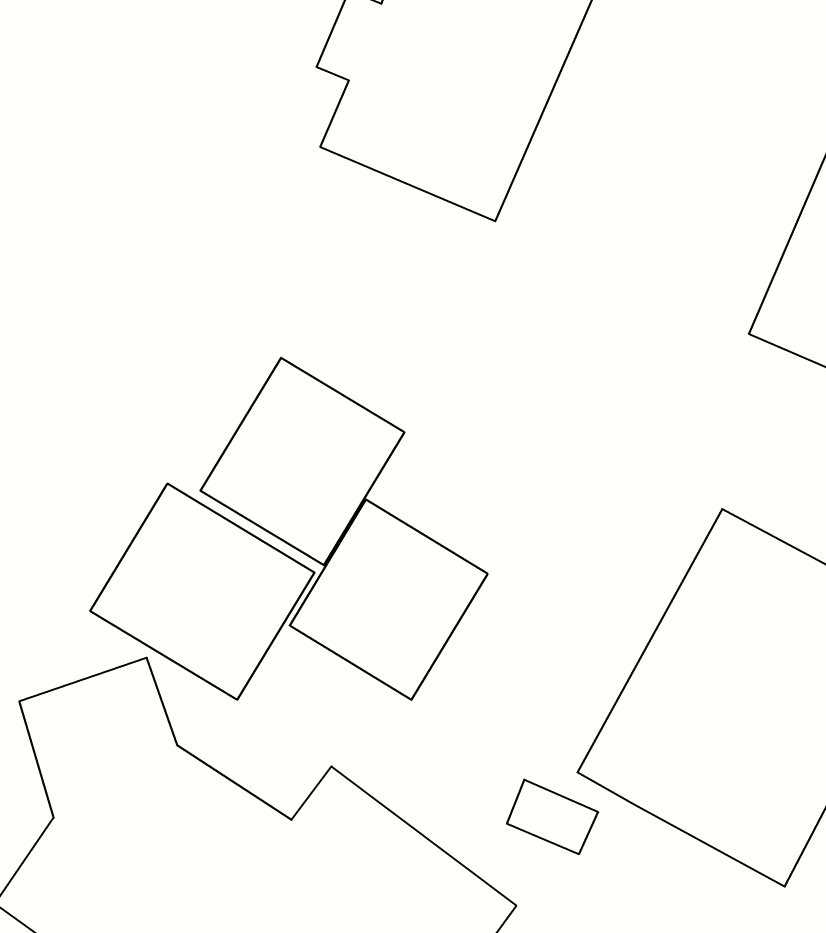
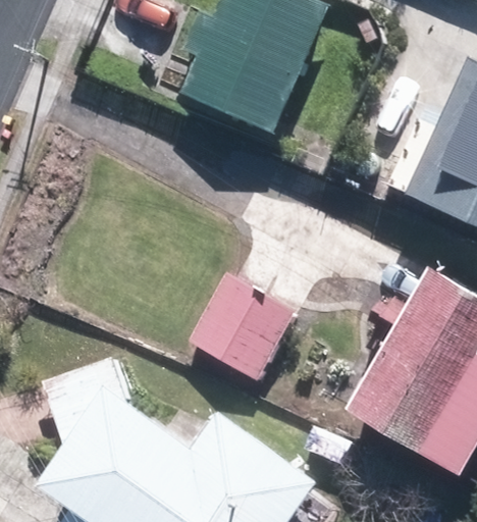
building: [200,358,404,565] -> none
building: [90,484,314,700] -> none

